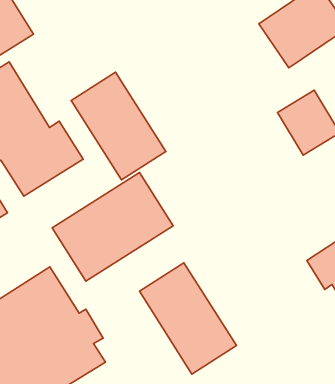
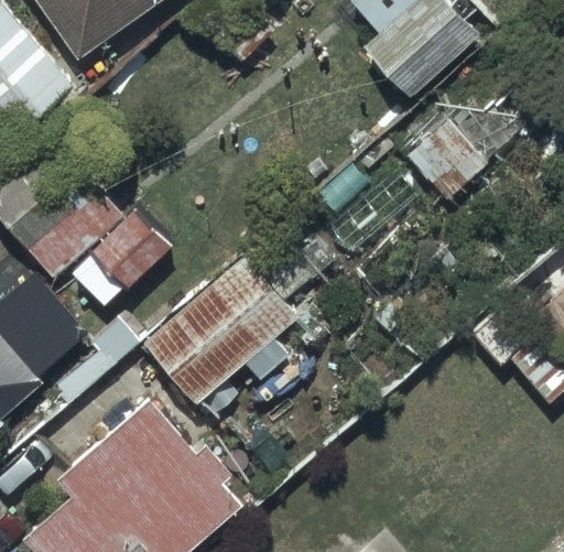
building: [71,72,166,180] -> none
building: [139,263,236,374] -> none

